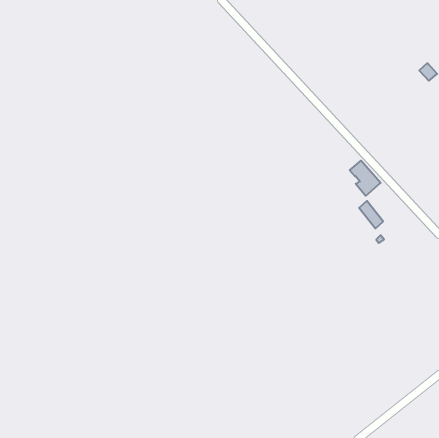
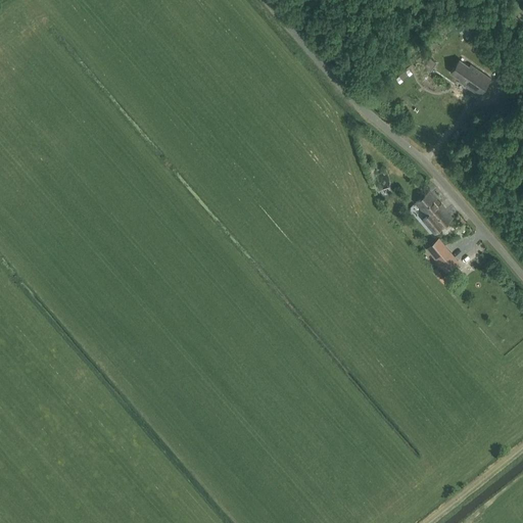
building: none -> [451,60,491,96]

